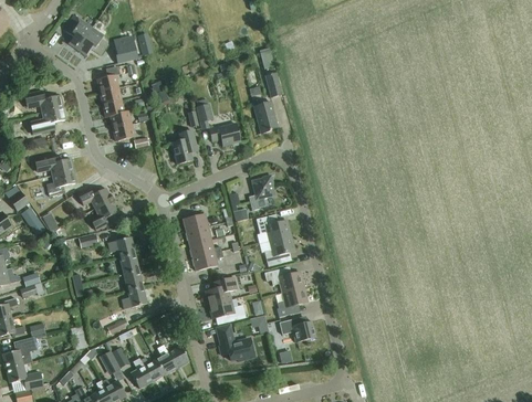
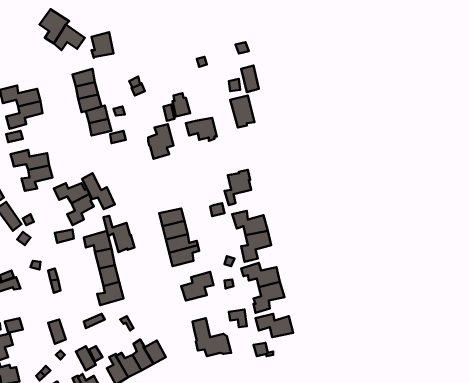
building: none -> [82,173,115,209]
building: none -> [104,216,135,252]
building: [209,299,246,321] -> none

